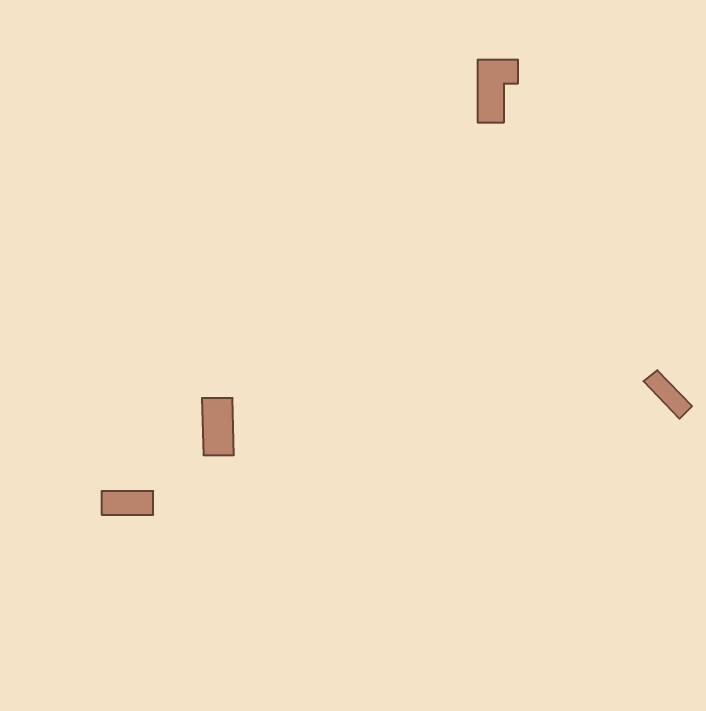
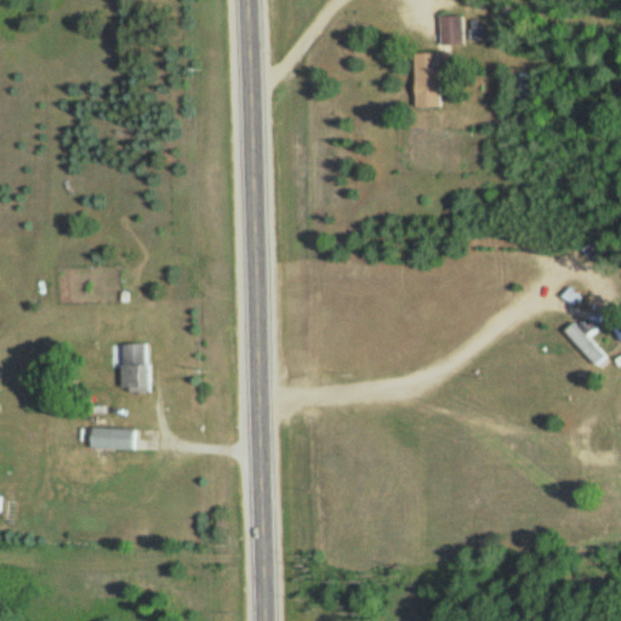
building: none -> [440,16,463,45]
building: [202,398,234,455] -> [120,342,148,392]

